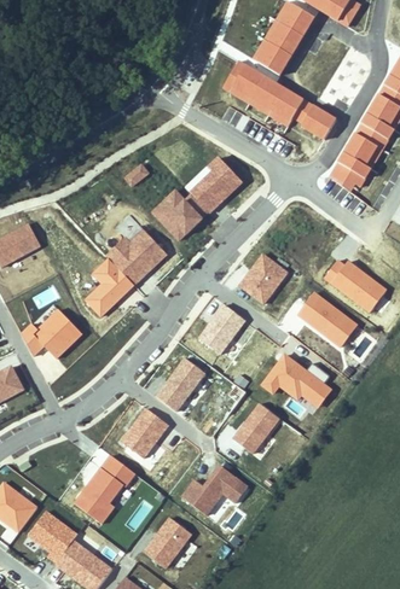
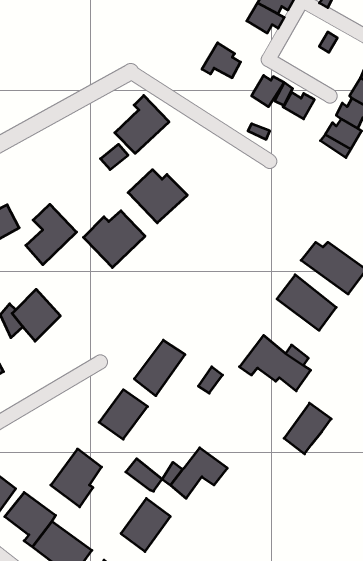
building: [257,39,294,69] -> none
building: [253,76,279,111] -> none
building: [187,154,242,212] -> [115,95,169,153]
building: [329,158,366,188] -> none
building: [238,255,288,304] -> none
building: [82,257,133,317] -> [26,204,77,265]
building: [197,304,244,356] -> none
building: [231,403,278,454] -> [284,403,331,454]
building: [98,453,134,485] -> [126,459,162,491]

